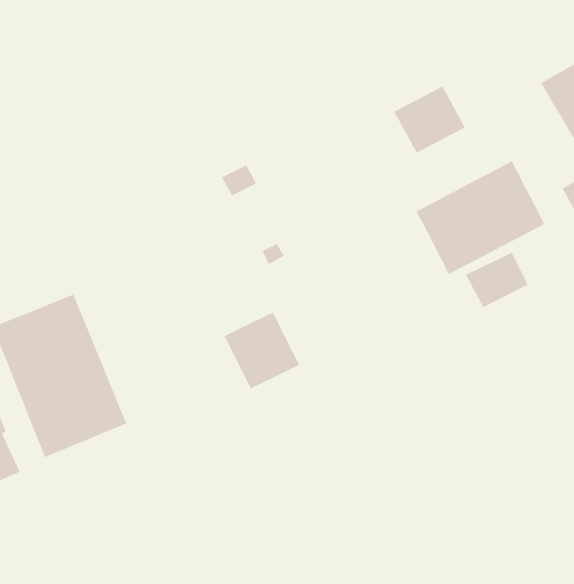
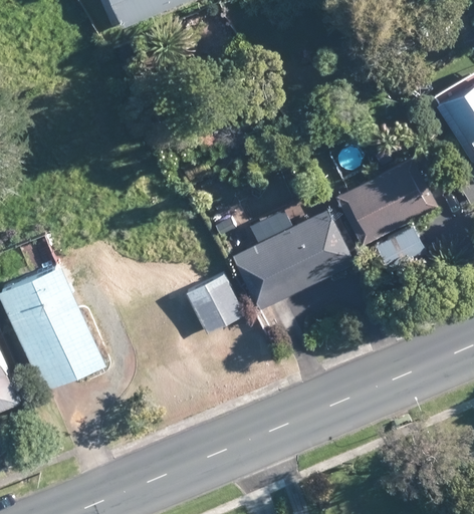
building: [394,86,465,153] -> none
building: none -> [231,210,356,312]

